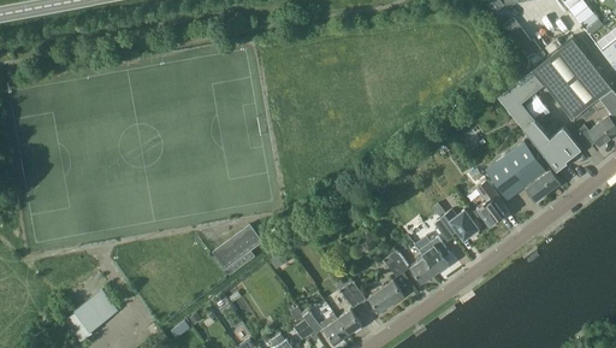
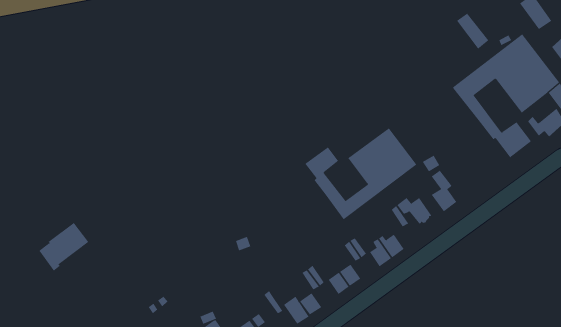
building: none -> [305,128,417,220]
building: [485,142,561,201] -> none
building: [213,225,261,275] -> none
building: [65,290,118,342] -> [39,222,89,271]

